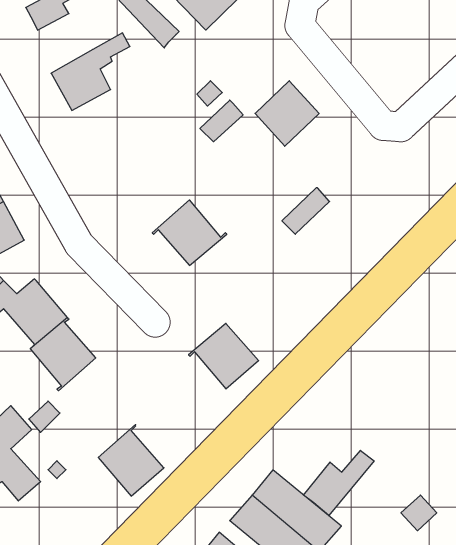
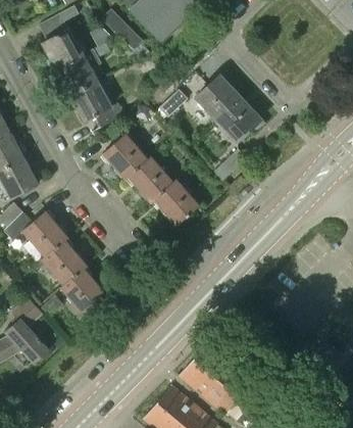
building: none -> [42,28,85,69]
building: none -> [70,81,124,127]
building: none -> [216,97,265,141]
building: none -> [103,134,151,179]
building: [189,323,259,389] -> [151,180,199,225]
building: [98,425,164,496] -> [61,265,106,314]
building: [304,450,374,516] -> none

